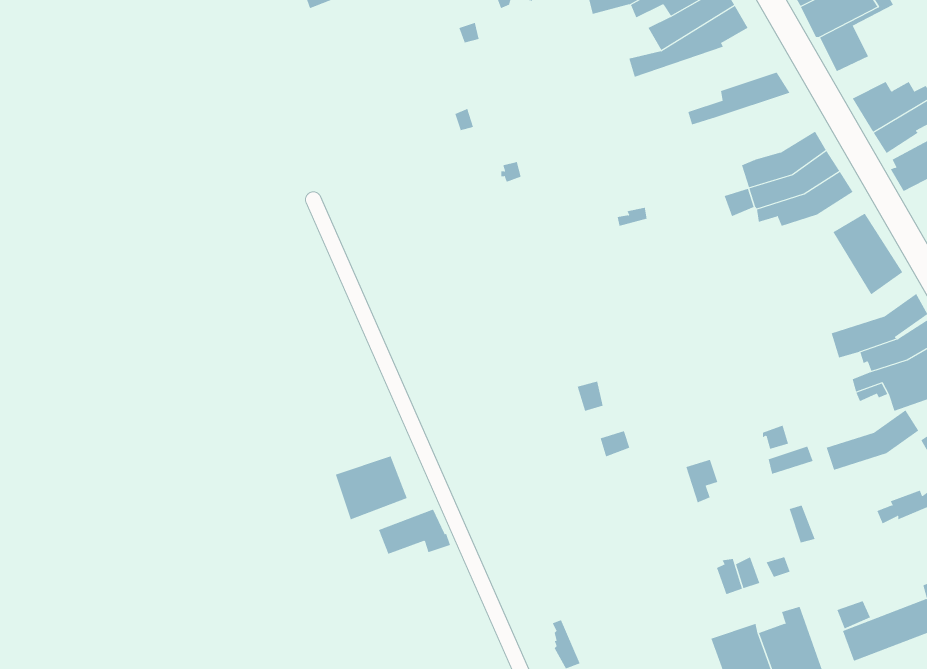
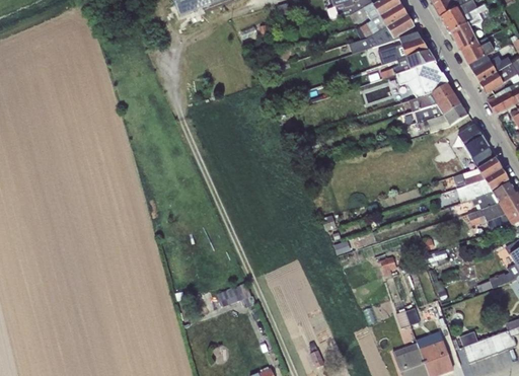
building: none -> [378,32,428,64]
building: none -> [459,36,494,65]
building: none -> [395,61,448,96]
building: [826,409,919,471] -> [452,156,502,189]
building: [335,456,408,520] -> none

